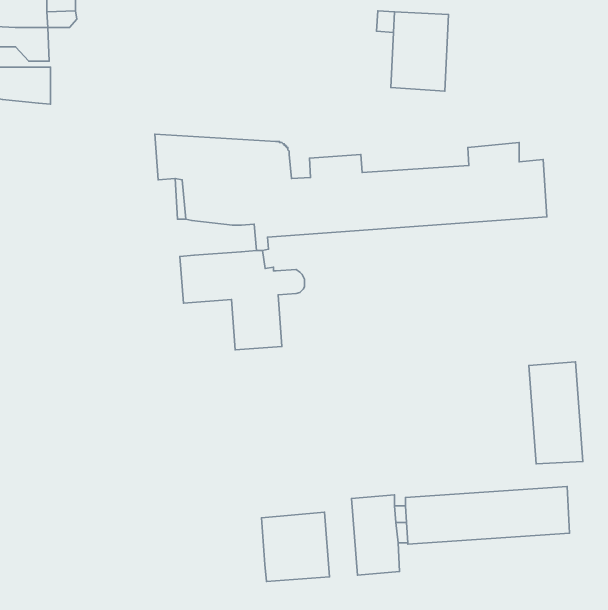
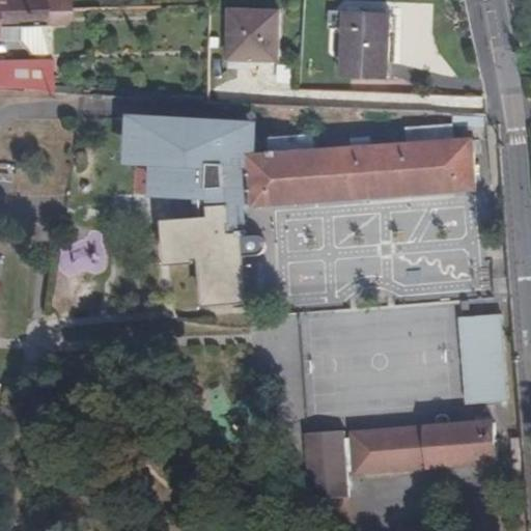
building: none -> [227,9,276,59]
building: none -> [166,191,222,221]
building: [262,512,330,581] -> none

